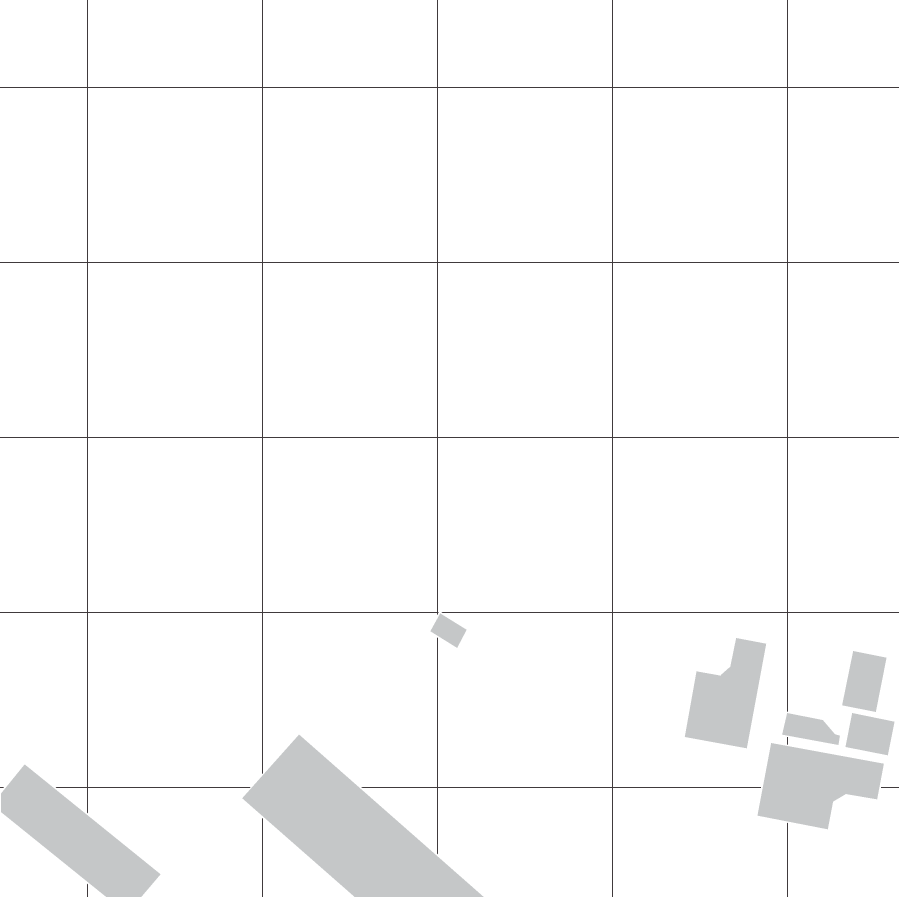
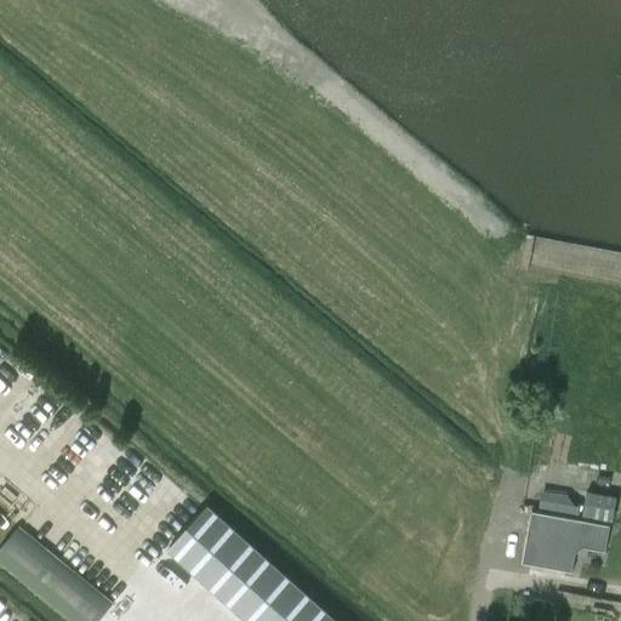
building: [684,637,767,749] -> none
building: [841,650,888,713] -> none

